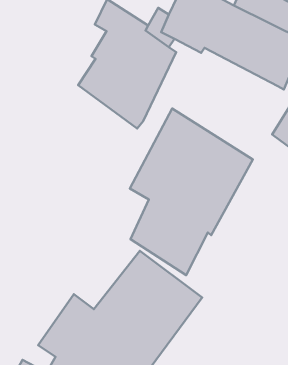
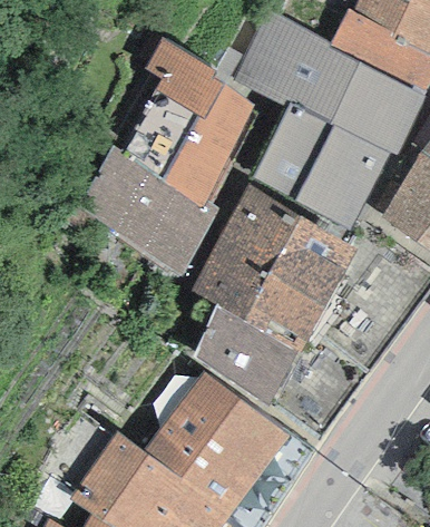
building: none -> [253,101,390,232]
building: none -> [77,145,219,277]

